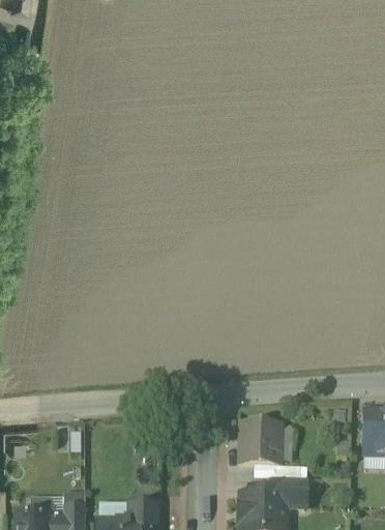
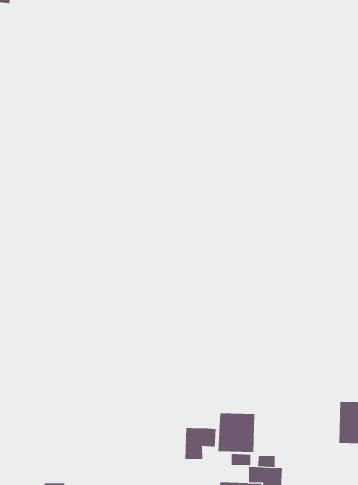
building: none -> [185,427,216,460]

